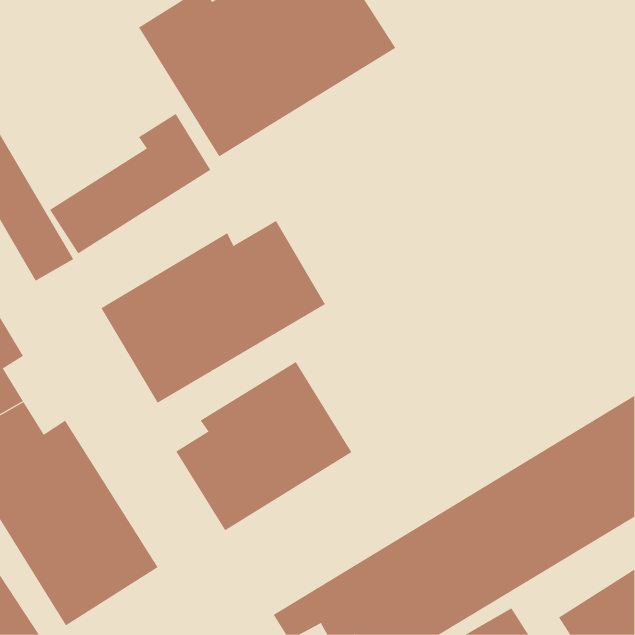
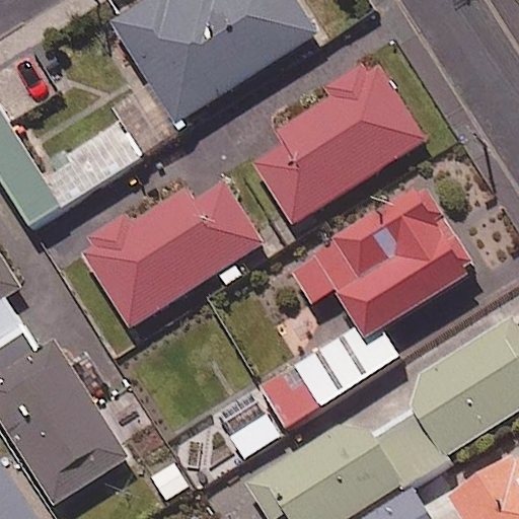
building: none -> [244,58,425,224]
building: none -> [258,186,476,430]
building: [175,361,352,531] -> none

